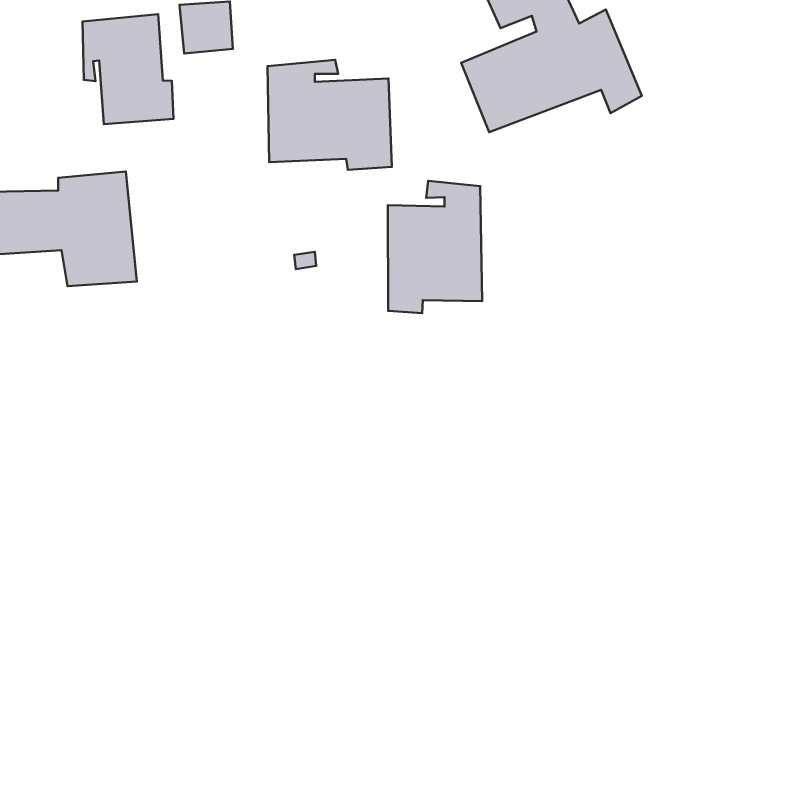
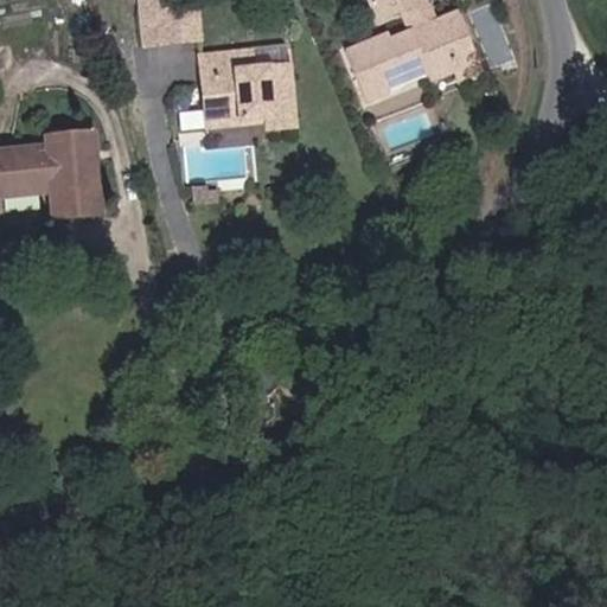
building: [82,14,174,124] -> none
building: [388,181,482,313] -> none

